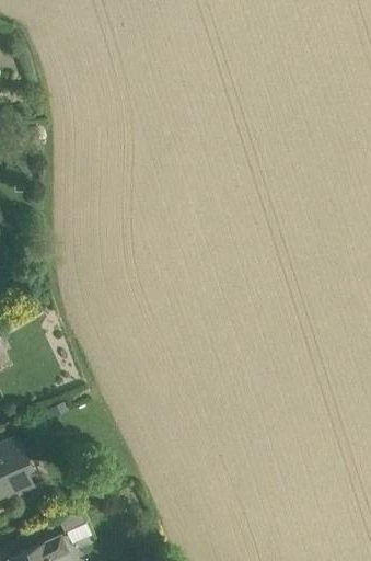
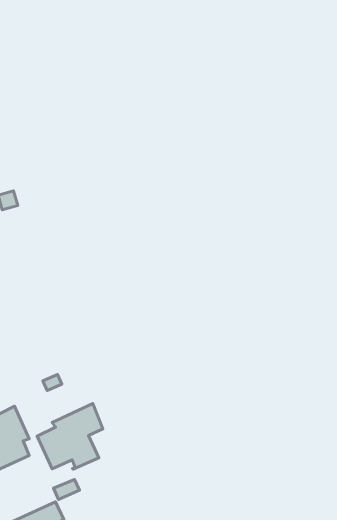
building: none -> [37,403,103,469]

